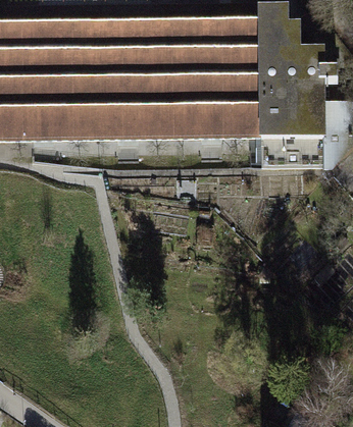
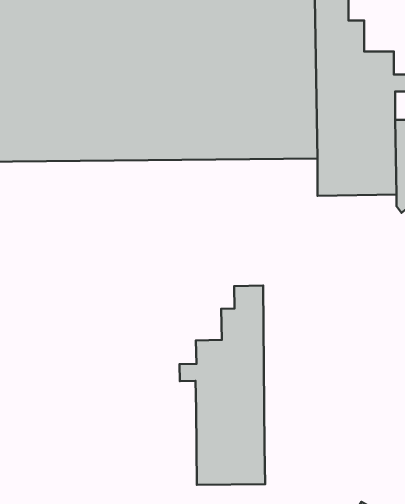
building: none -> [180,286,265,485]

